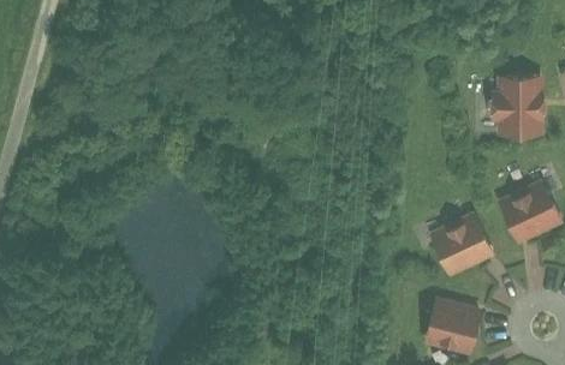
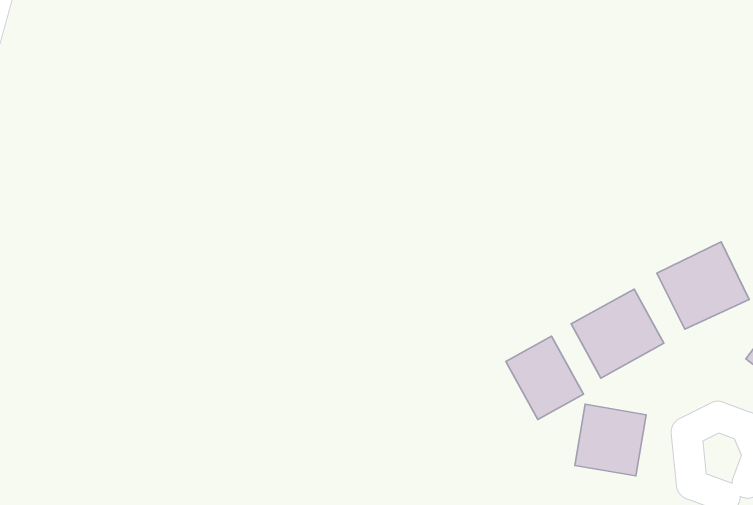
building: [493,86,530,149] -> none
building: none -> [506,336,584,419]

